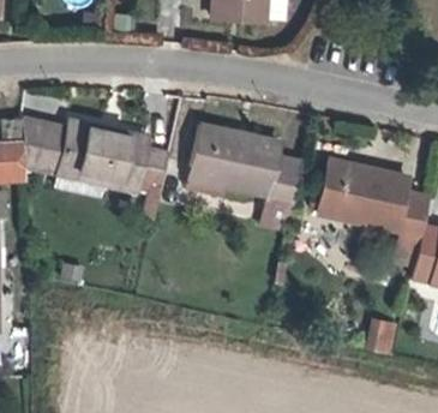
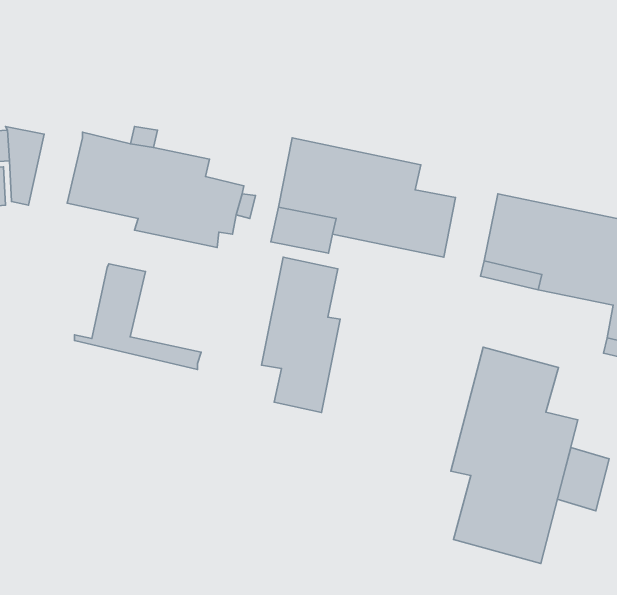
building: [24,120,103,186] -> [74,264,201,369]
building: none -> [262,257,340,412]
building: none -> [451,347,578,563]

